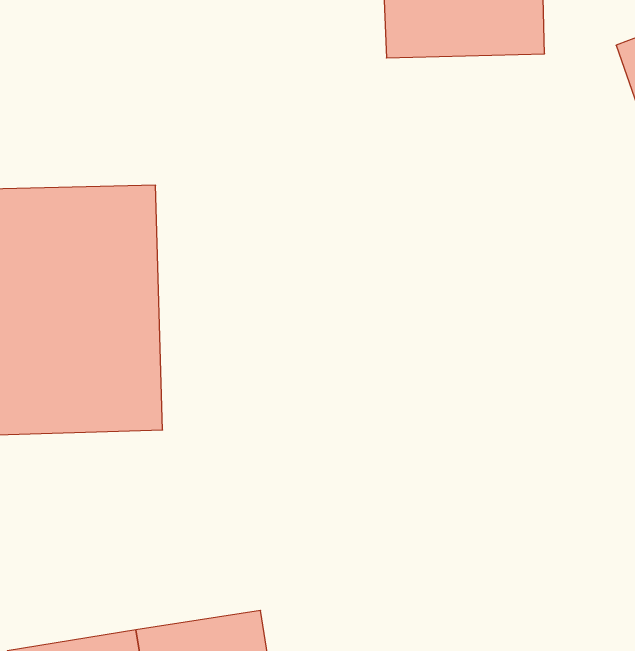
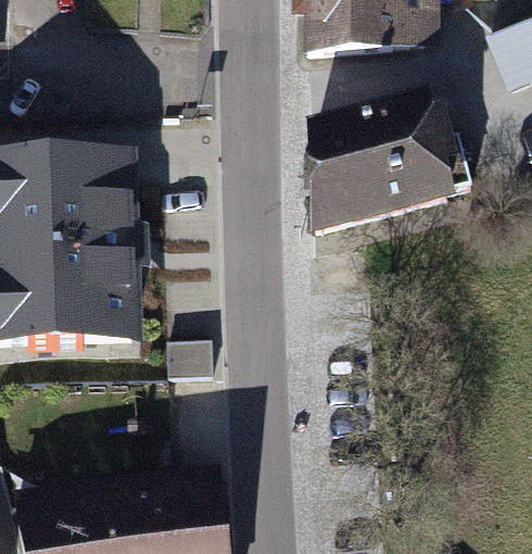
building: none -> [306,106,471,240]

